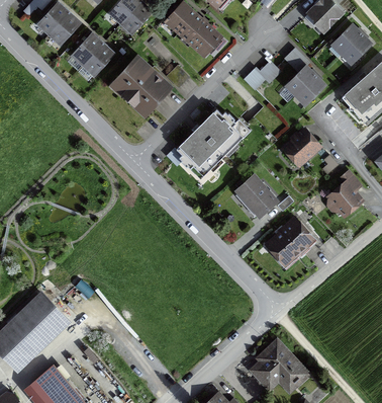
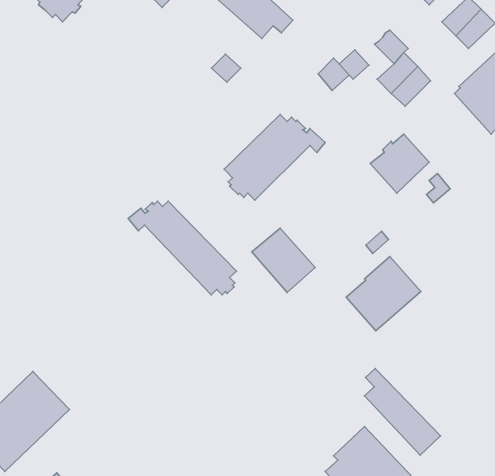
building: [73,35,112,75] -> none
building: [112,59,169,114] -> none
building: [324,168,365,217] -> none
building: [234,170,280,217] -> [252,228,315,293]
building: none -> [128,201,237,295]
building: none -> [364,368,441,455]

